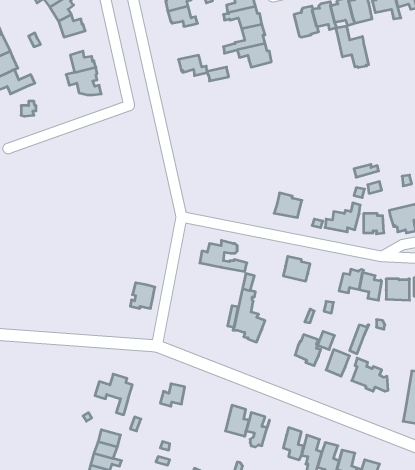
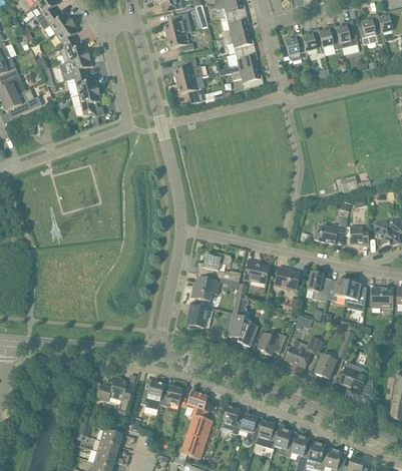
building: [336,26,369,68] -> none
building: none -> [59,55,91,81]
building: none -> [174,60,203,82]
building: [274,193,302,217] -> [244,260,270,283]
building: none -> [308,270,331,302]
building: none -> [190,277,220,301]
building: [130,283,155,308] -> [185,304,209,328]
building: none -> [257,332,287,356]
building: none -> [140,381,164,410]
building: none -> [181,391,213,459]
building: none -> [255,420,278,449]

